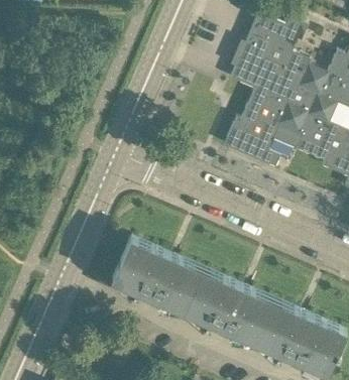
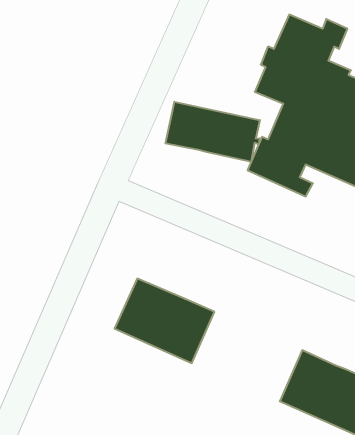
building: none -> [166,102,260,162]
building: [177,266,270,342] -> none

